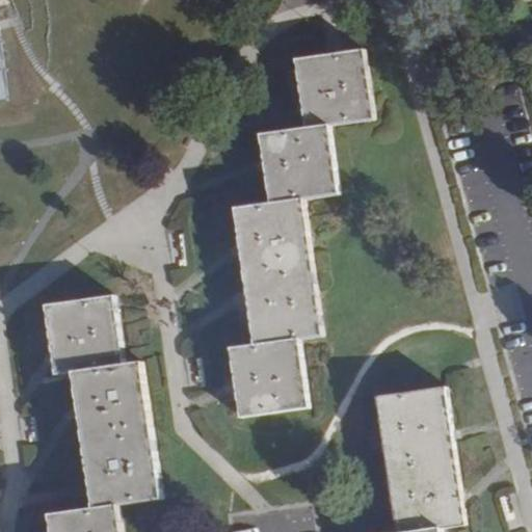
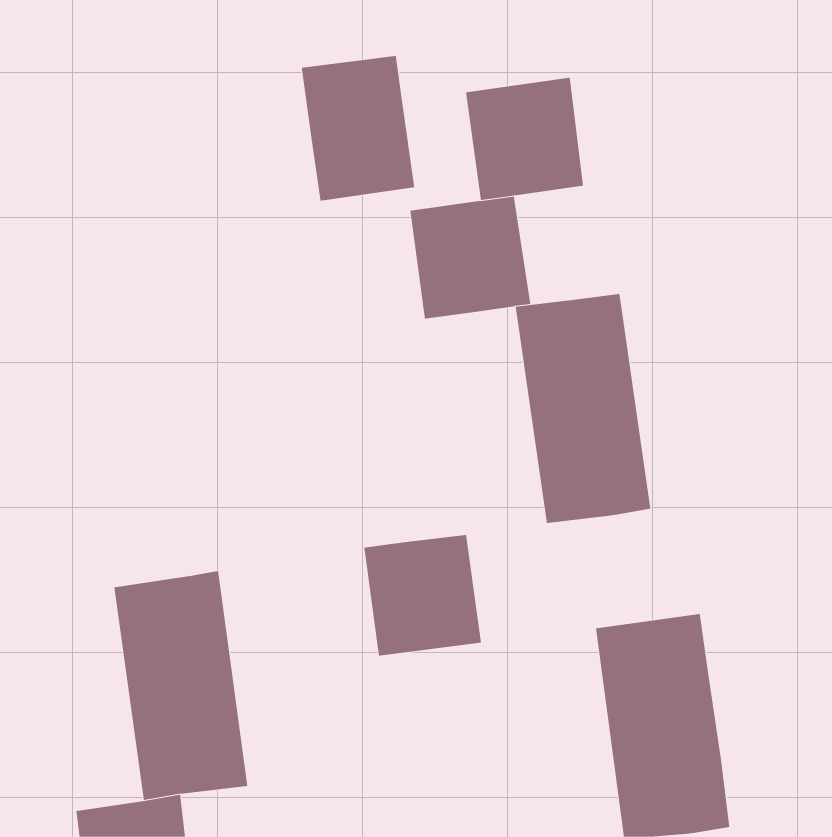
building: none -> [301,55,415,202]
building: [233,197,319,343] -> [515,293,651,524]
building: [44,296,121,373] -> none

